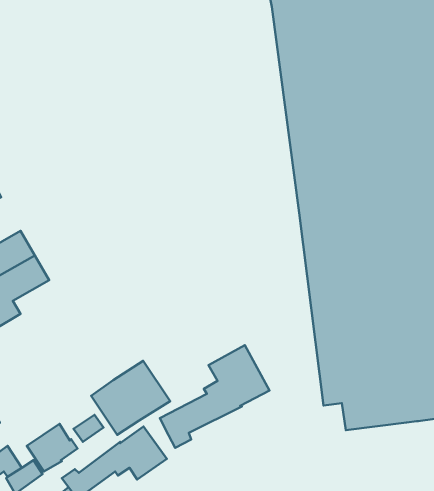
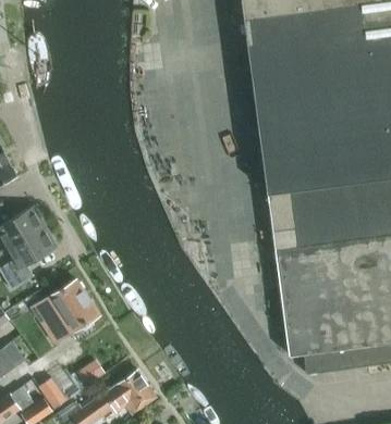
building: [160,345,269,448] -> none
building: [91,361,170,435] -> [32,279,98,341]

